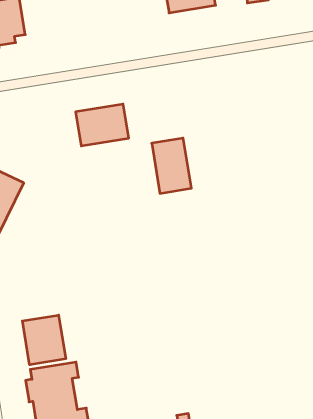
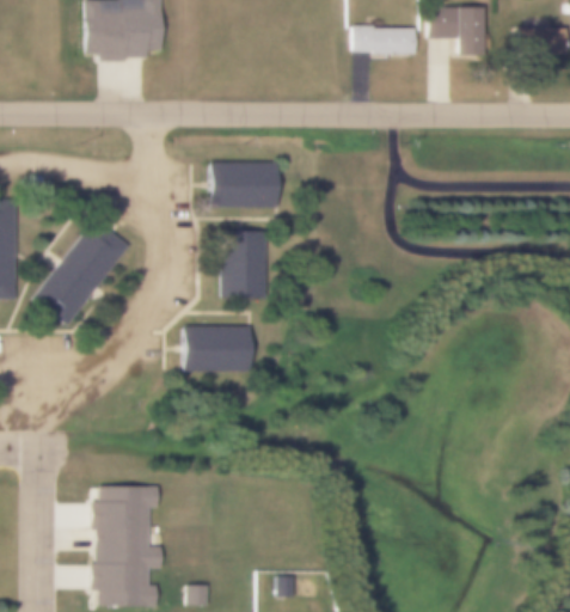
building: [152,138,191,193] -> [223,231,265,298]
building: none -> [182,326,250,372]
building: [22,315,66,365] -> none

